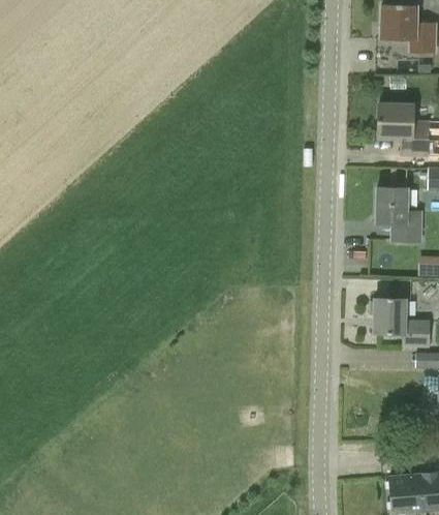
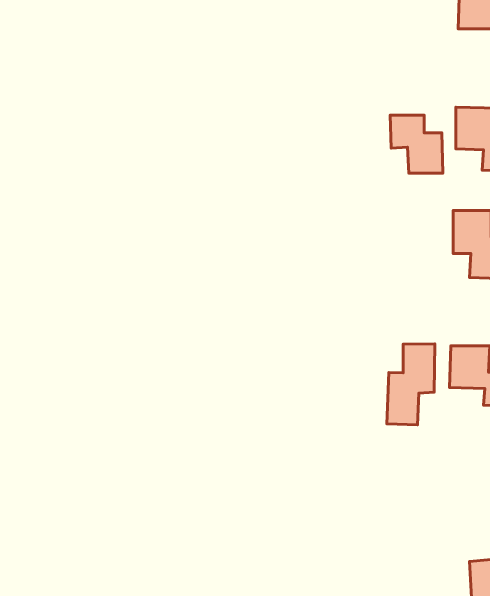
building: none -> [390,115,443,173]
building: none -> [387,344,435,425]

